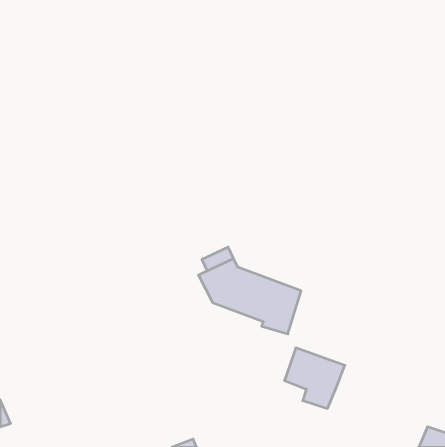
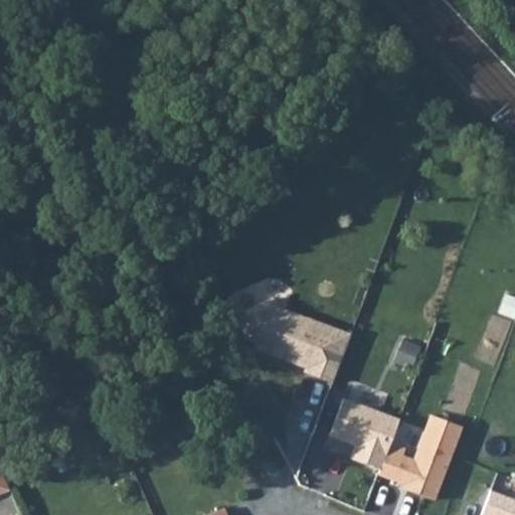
building: none -> [378,414,464,501]

